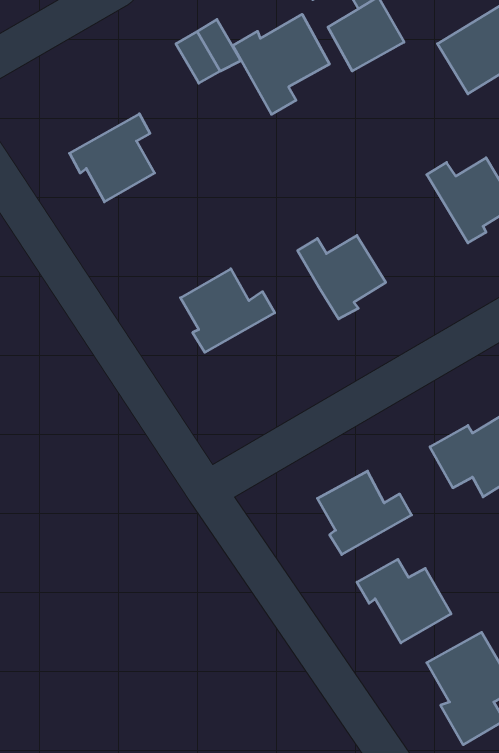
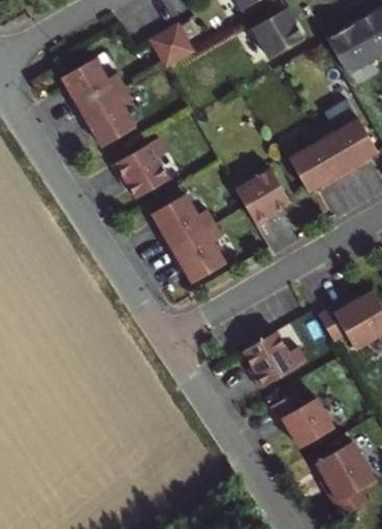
building: [233,14,329,114] -> none
building: none -> [60,58,124,115]
building: none -> [290,129,347,192]
building: none -> [110,138,168,198]
building: none -> [168,223,226,283]

